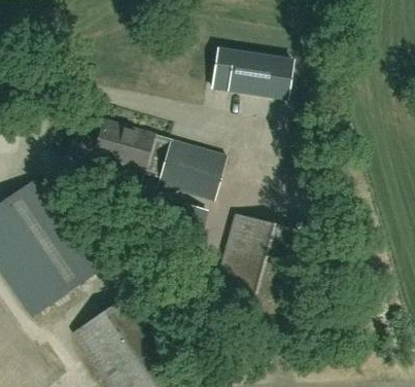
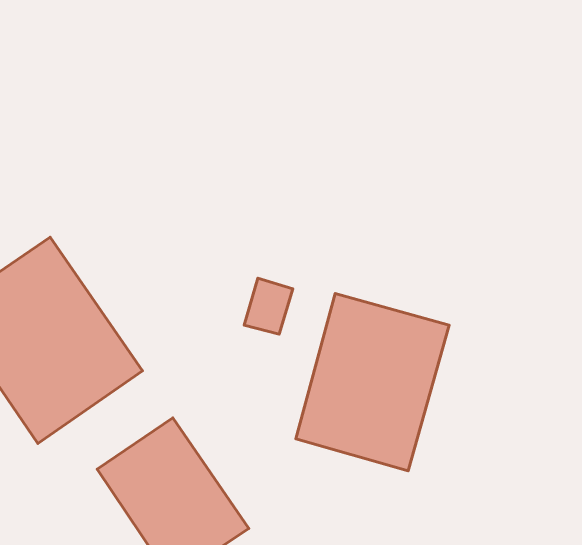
building: [211,48,291,98] -> none
building: [68,120,226,200] -> none

